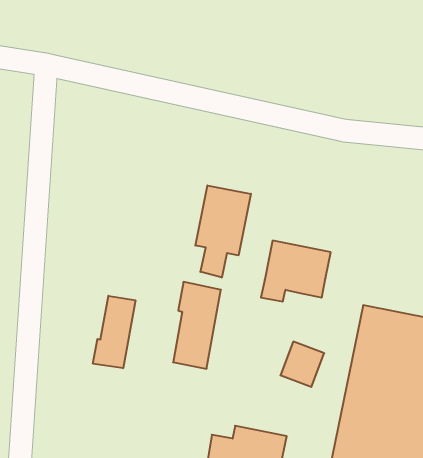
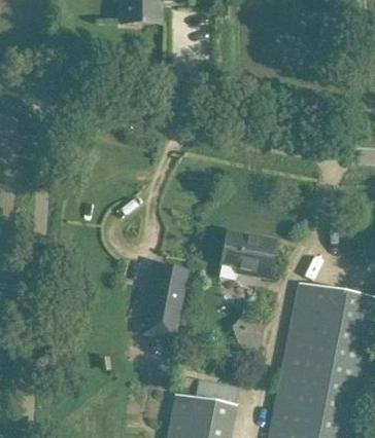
building: [195,185,251,278] -> none
building: [93,296,135,368] -> none

